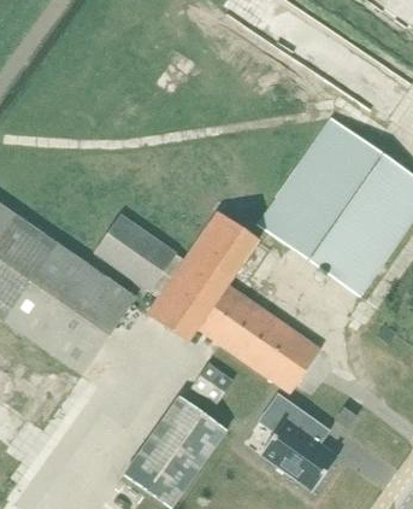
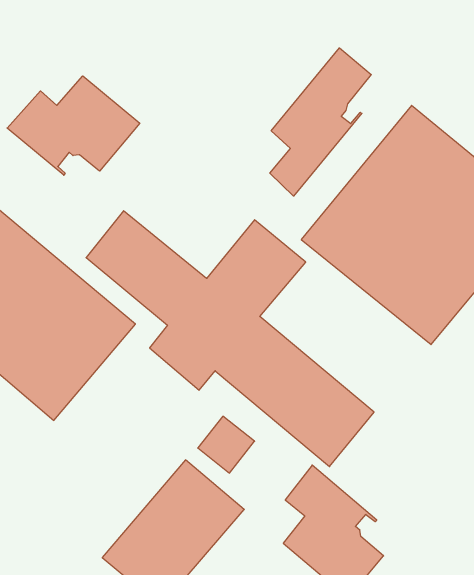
building: none -> [270,48,371,196]
building: none -> [7,76,140,175]

